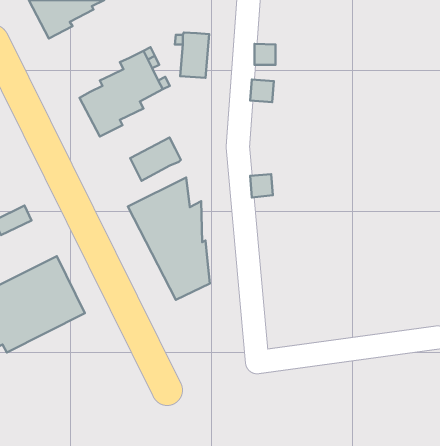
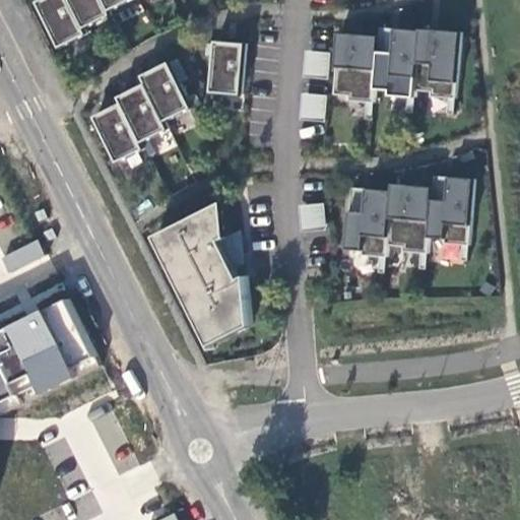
building: none -> [331,24,458,116]
building: [130,138,181,181] -> none
building: none -> [344,174,472,271]

